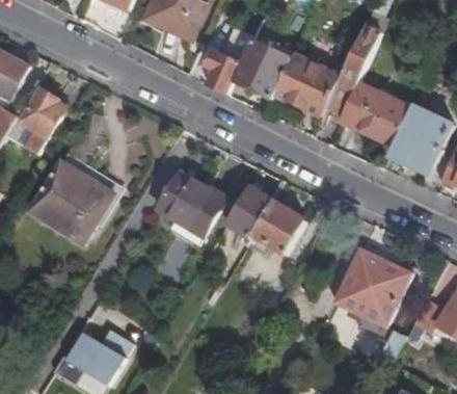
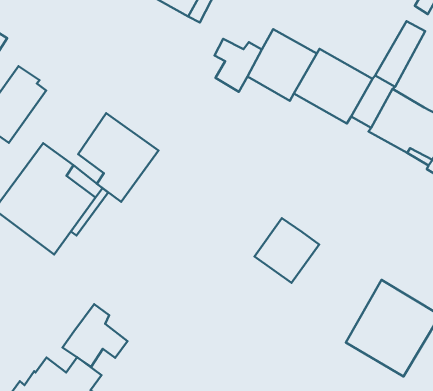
building: [157,170,224,244] -> [78,113,158,202]
building: [225,185,272,236] -> none
building: none -> [63,304,128,367]

